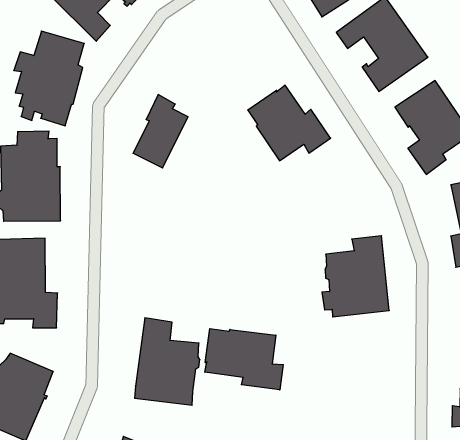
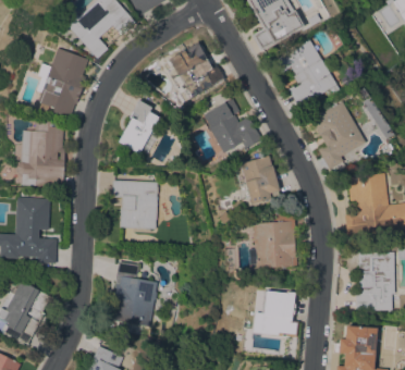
building: none -> [163,42,228,104]
building: none -> [241,156,280,205]
building: none -> [112,180,158,230]
building: [205,329,283,390] -> none
building: none -> [261,291,299,337]

